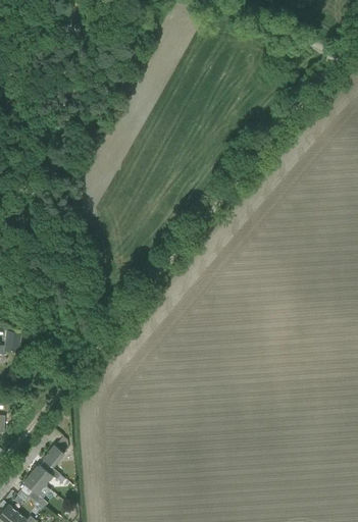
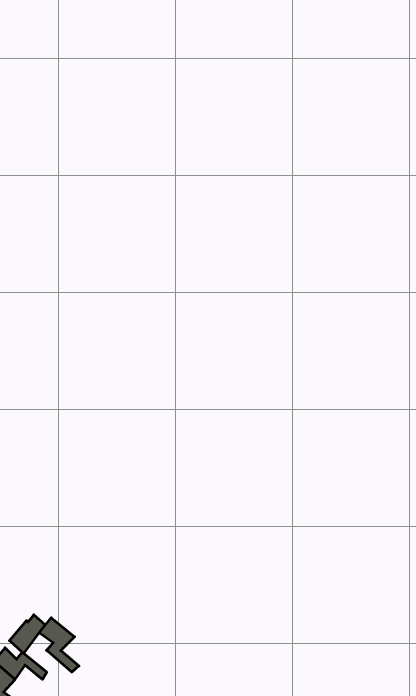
building: none -> [39,618,79,672]

